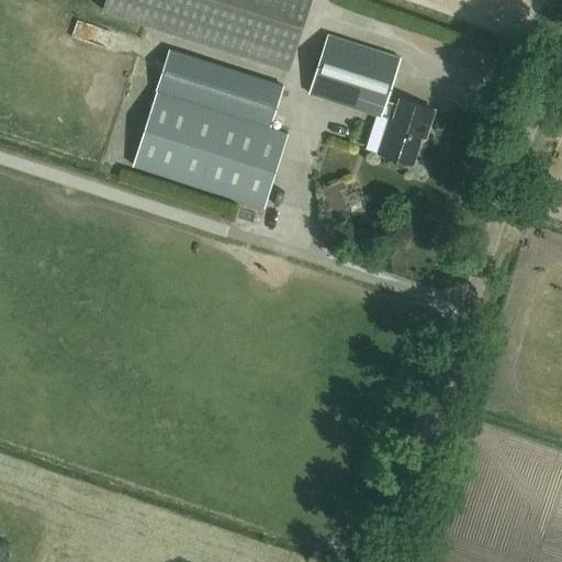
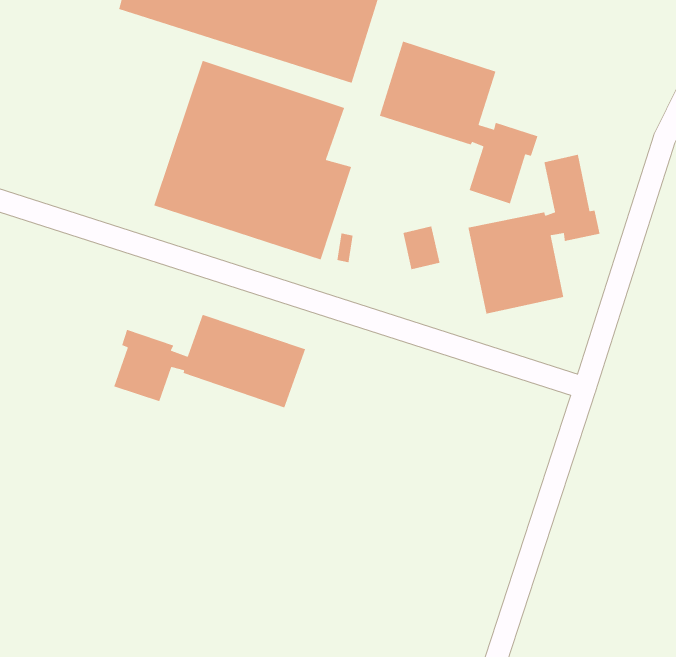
building: none -> [468,154,600,314]
building: none -> [113,314,306,408]

